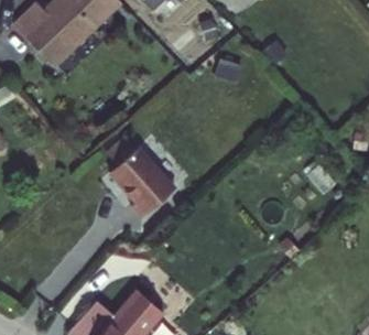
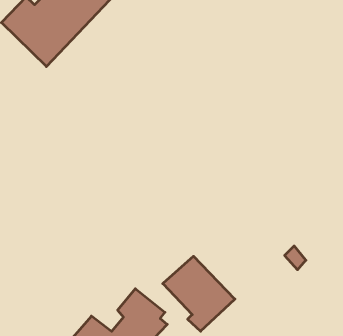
building: [111,150,178,219] -> [163,256,235,331]

